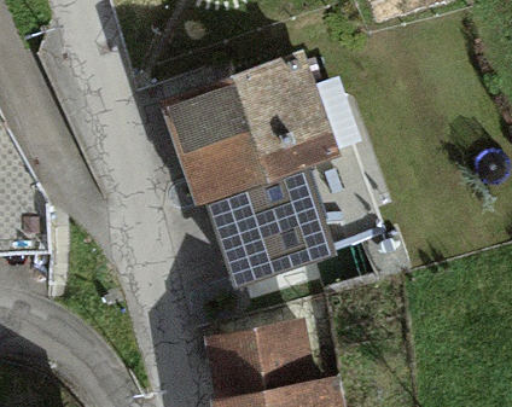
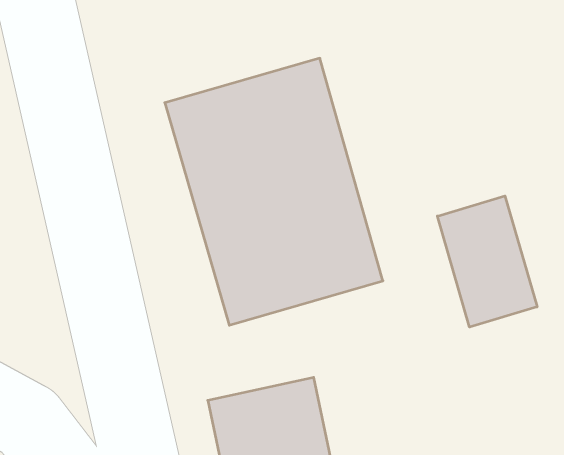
building: none -> [437,196,537,327]

